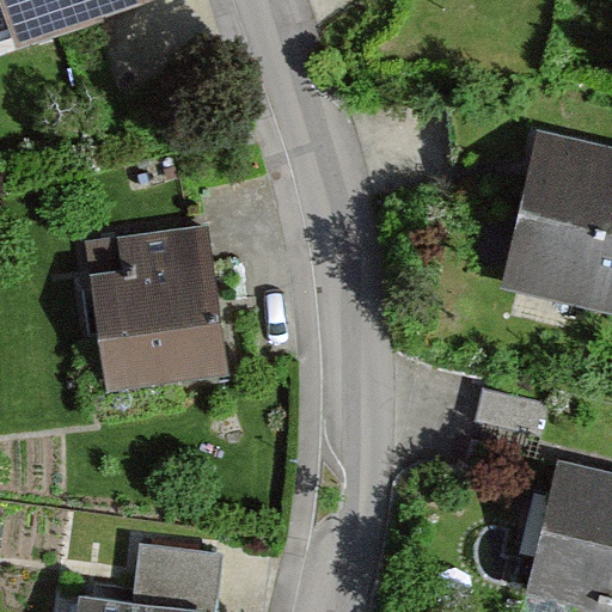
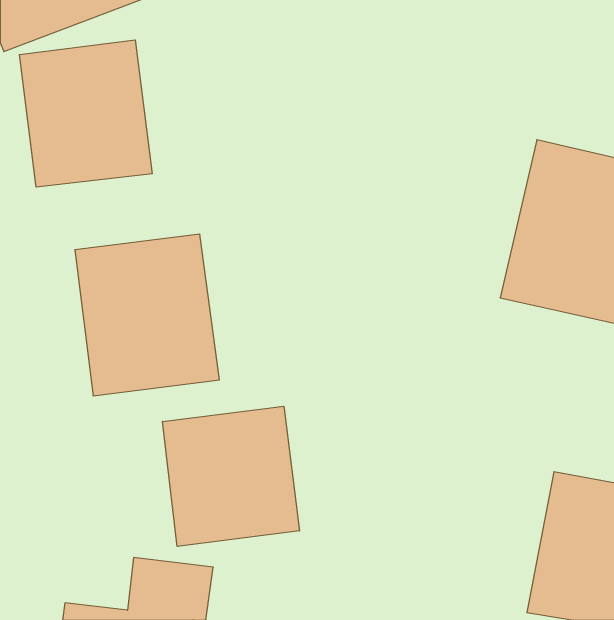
building: none -> [20,40,152,187]
building: none -> [163,406,299,546]

